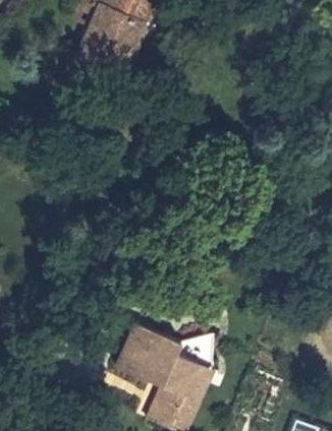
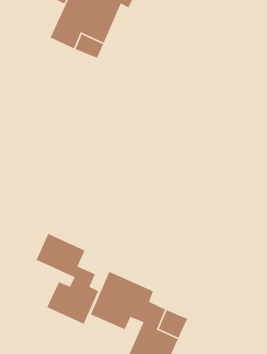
building: none -> [35,233,99,325]

